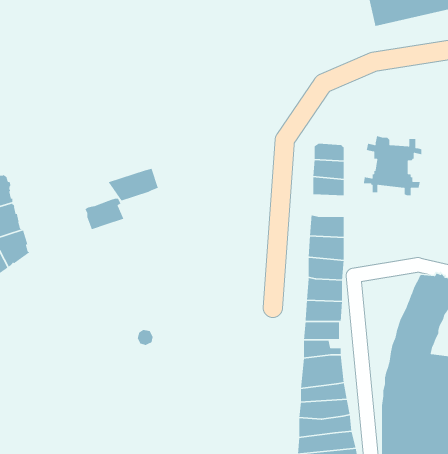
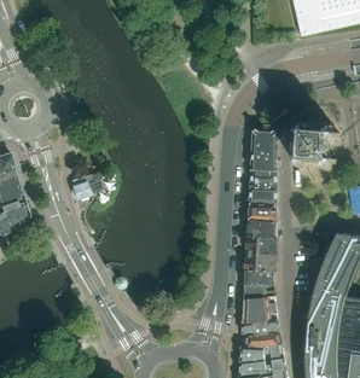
building: [107,168,159,202] -> none

